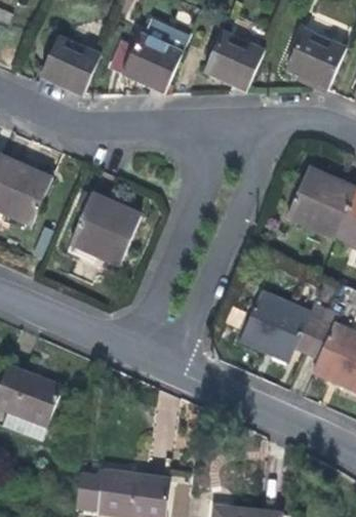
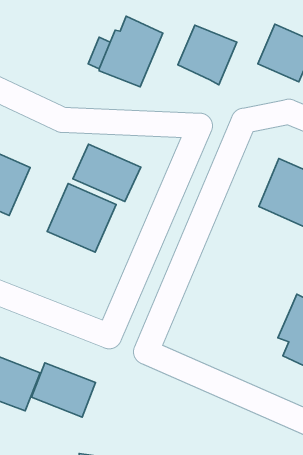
building: [41,36,100,95] -> none
building: none -> [73,144,141,201]
building: [240,289,320,360] -> none
building: none -> [31,363,95,417]

